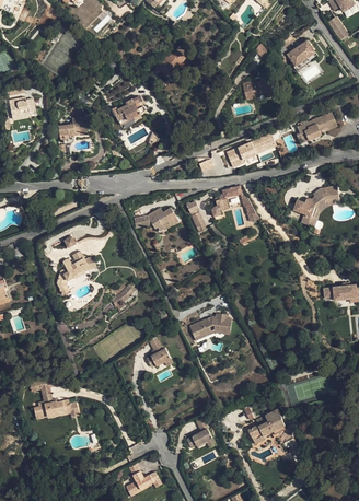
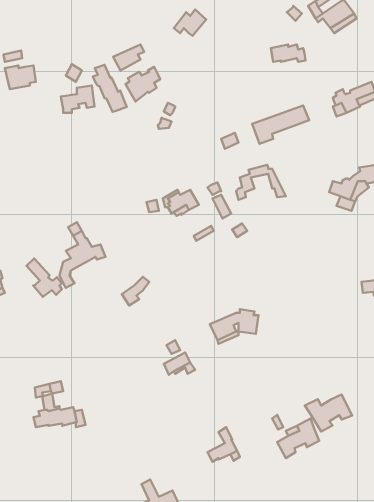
building: none -> [93,65,127,112]
building: none -> [27,258,62,297]
building: none -> [305,394,352,432]

